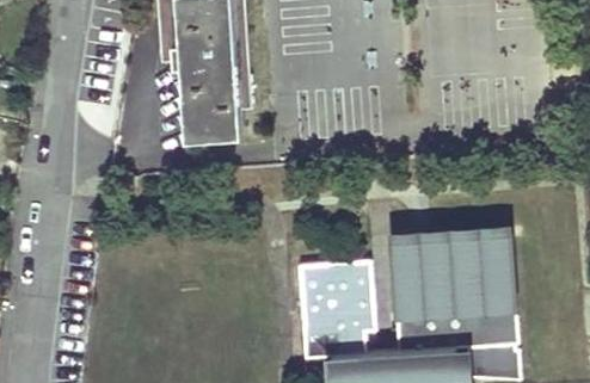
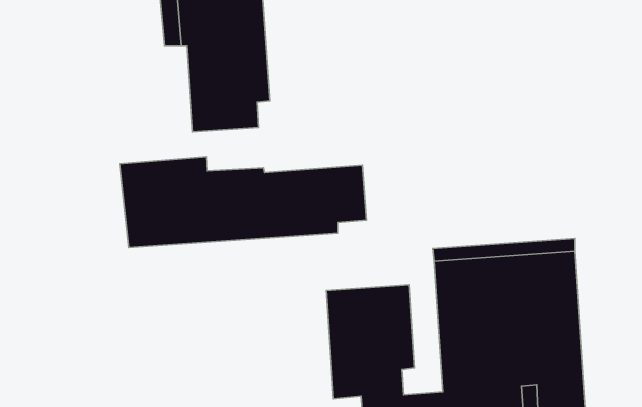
building: none -> [120,157,367,248]

